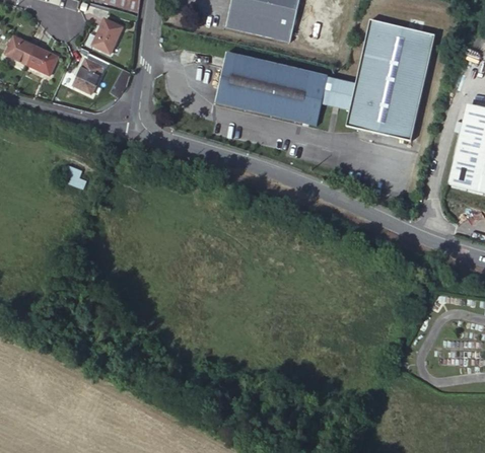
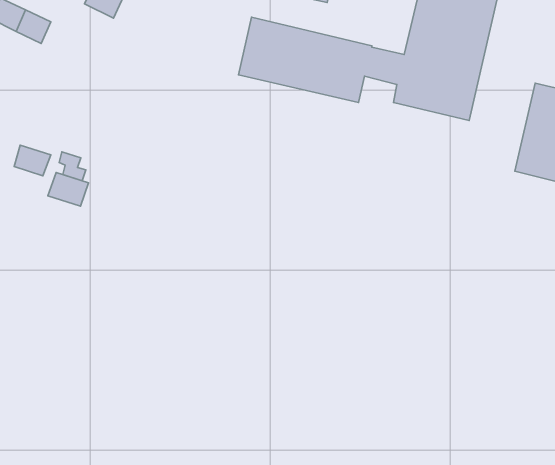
building: [72,57,102,92] -> none
building: none -> [14,145,51,176]
building: none -> [48,173,89,206]

